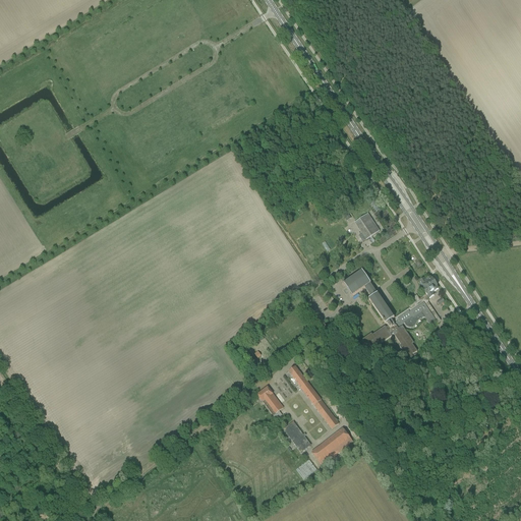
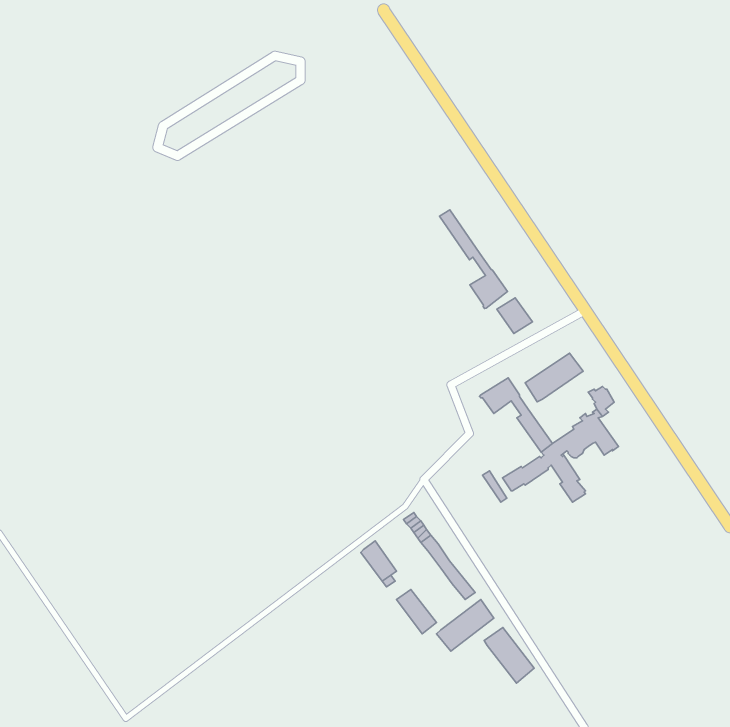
building: none -> [440,210,507,309]
building: none -> [525,353,583,402]
building: none -> [484,627,534,683]

